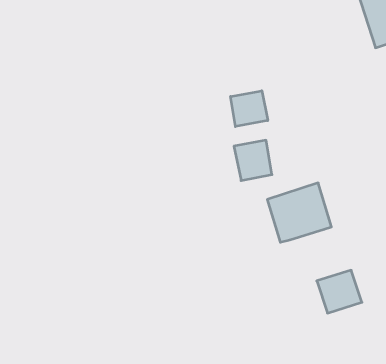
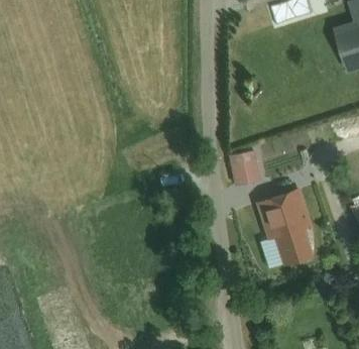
building: [231,91,268,127] -> none
building: [317,270,362,313] -> [274,228,313,264]

